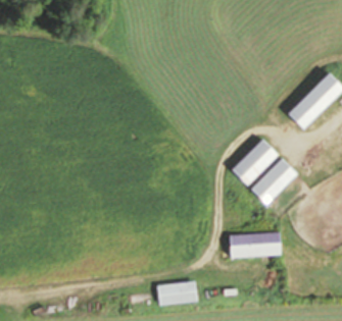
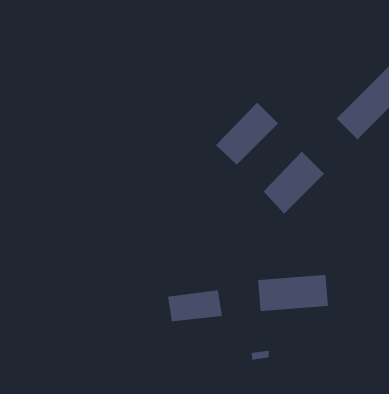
building: [249,157,297,205] -> [215,102,279,165]
building: [161,280,203,305] -> [167,290,223,322]

